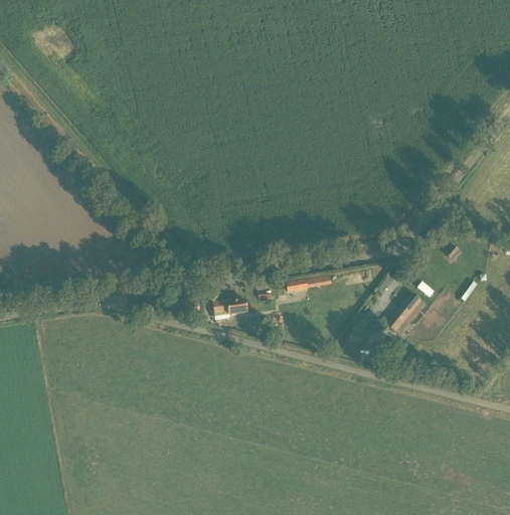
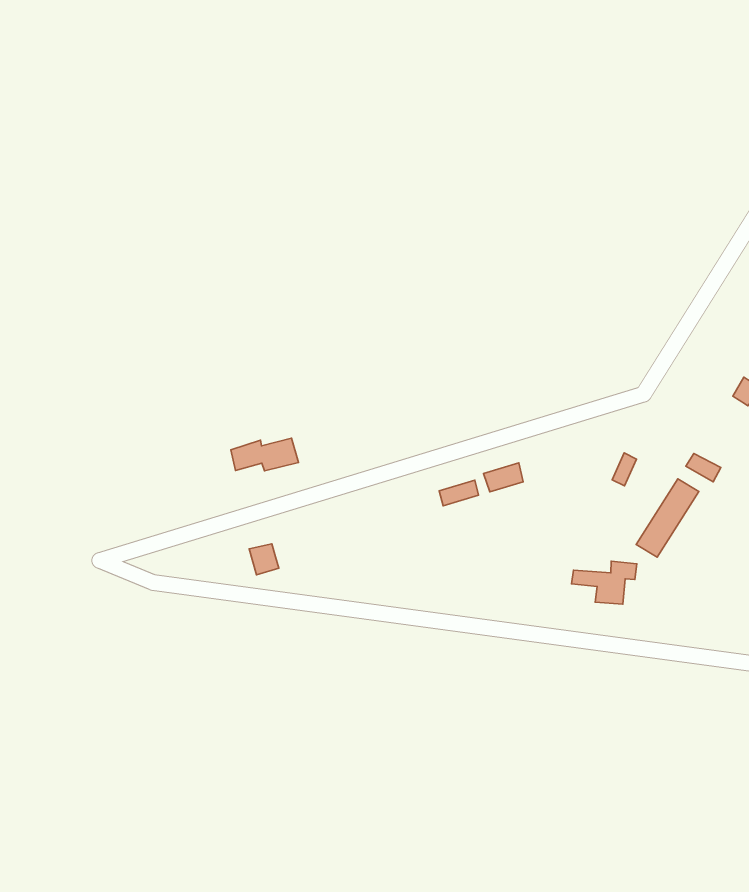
building: [216,301,250,317] -> [231,438,298,471]

